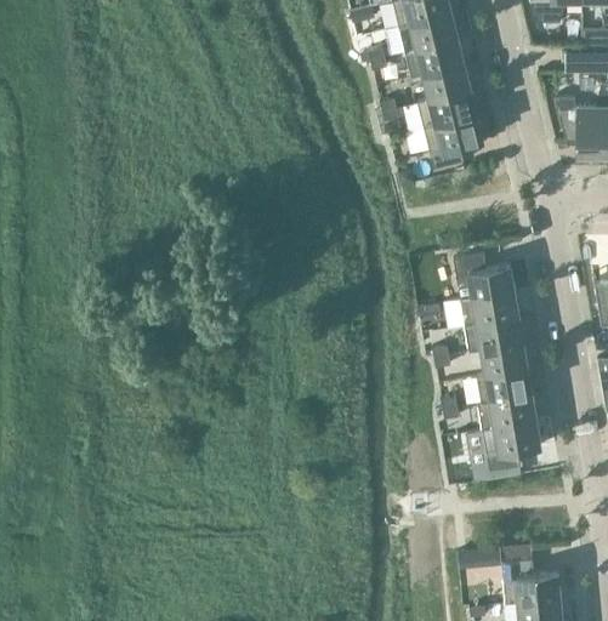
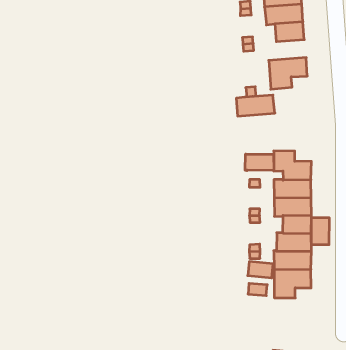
building: [417,89,477,127] -> [236,95,275,116]
building: none -> [245,154,274,171]
building: none -> [311,218,329,245]

